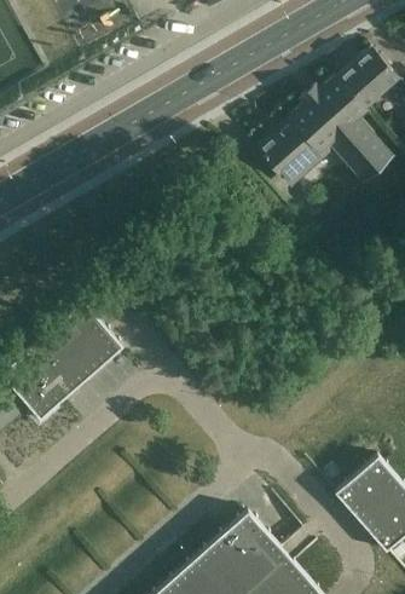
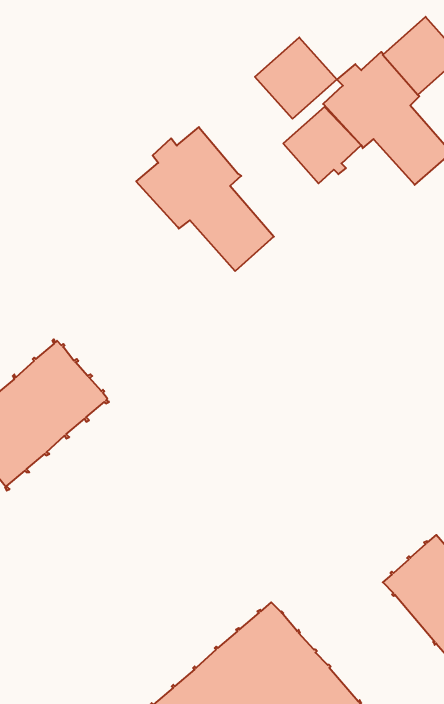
building: none -> [255,37,337,119]
building: none -> [136,127,274,271]

